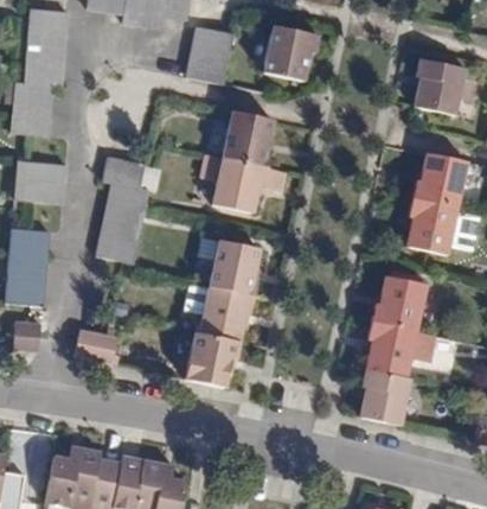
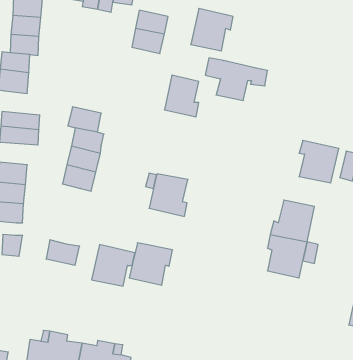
building: [412,57,464,115] -> none
building: [409,153,467,209] -> none
building: [204,154,286,210] -> [205,58,268,100]
building: [197,287,254,342] -> [92,245,135,286]
building: [359,369,408,425] -> none

